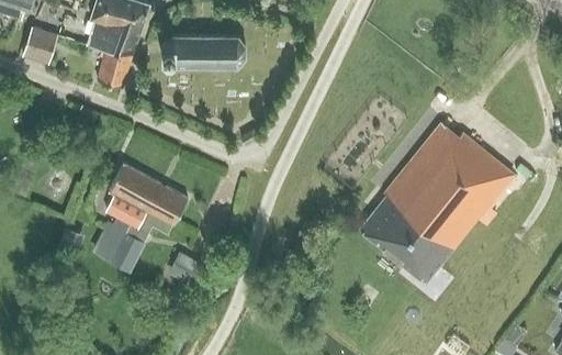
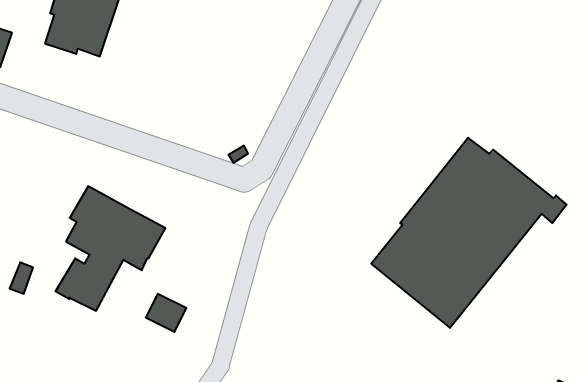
building: [162,35,245,66] -> none
building: [97,48,133,88] -> none

